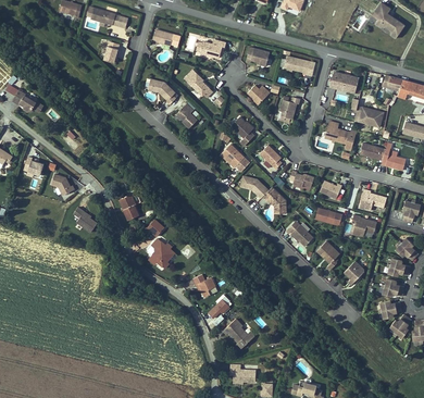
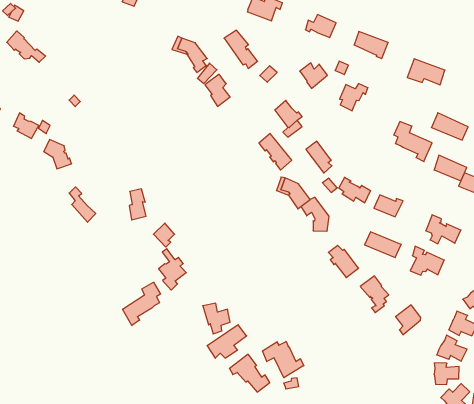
building: none -> [123,282,161,326]
building: none -> [263,341,304,378]

